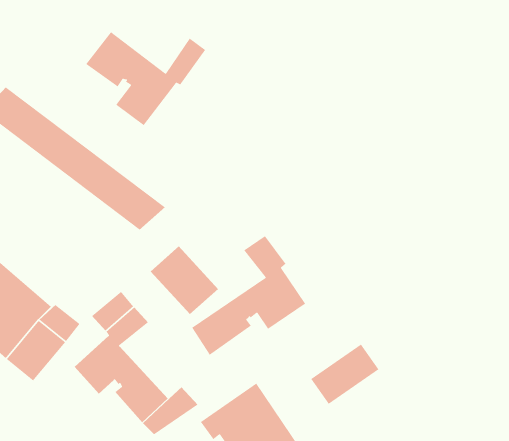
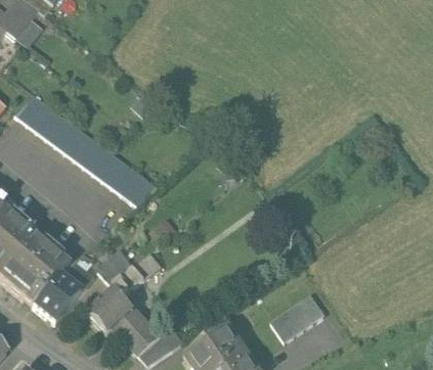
building: [85,31,206,126] -> none
building: [191,235,306,356] -> none
building: [150,246,219,315] -> none

